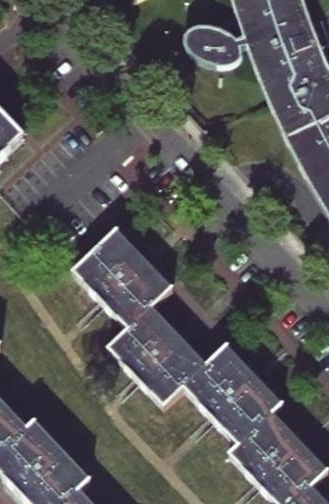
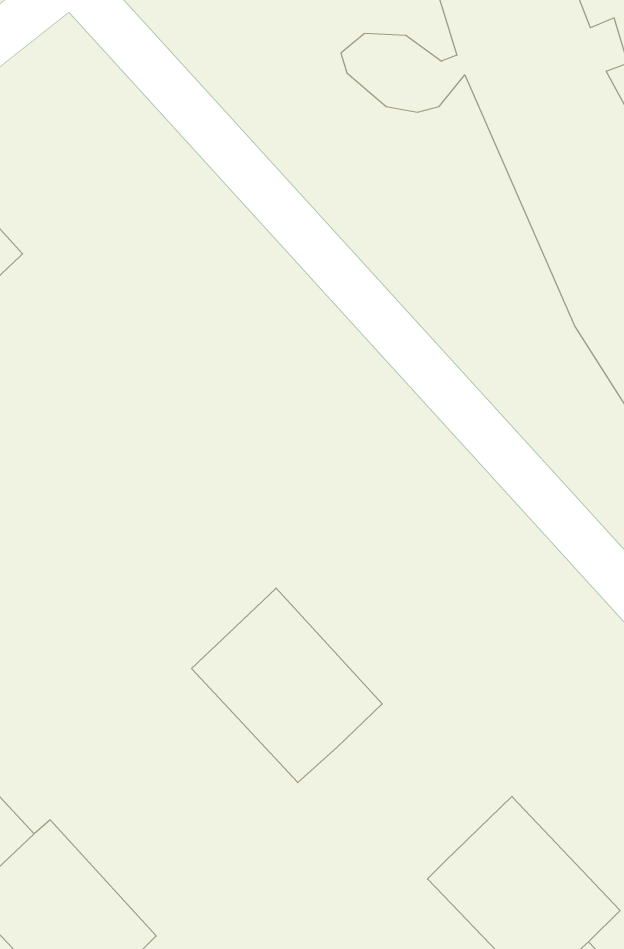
building: [73,228,172,327] -> none
building: [182,343,281,443] -> none

